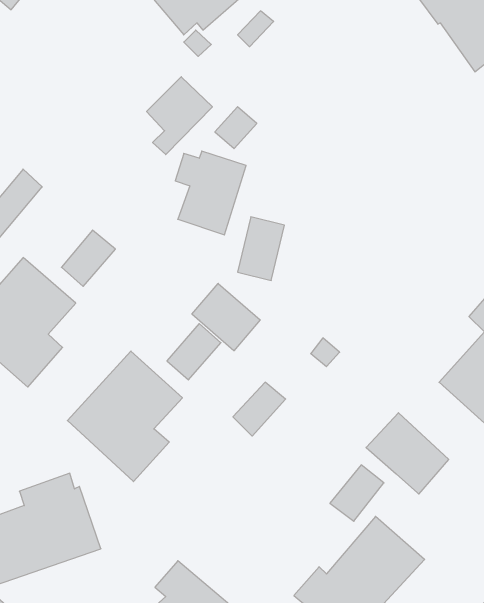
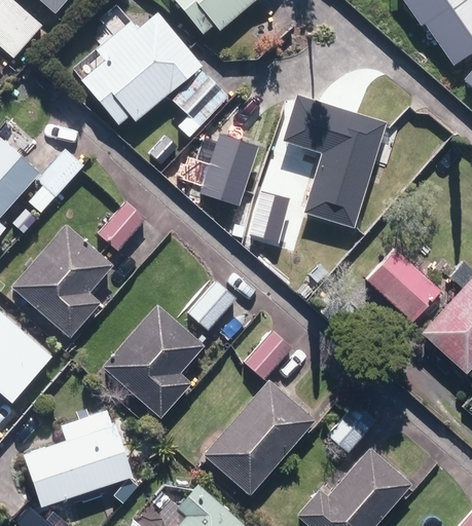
building: none -> [81,13,202,124]
building: none -> [281,95,387,228]
building: [192,283,260,351] -> none
building: [366,413,449,494] -> [366,251,437,321]
building: none -> [205,381,315,494]

